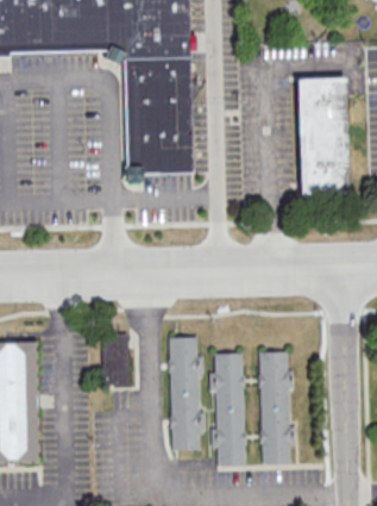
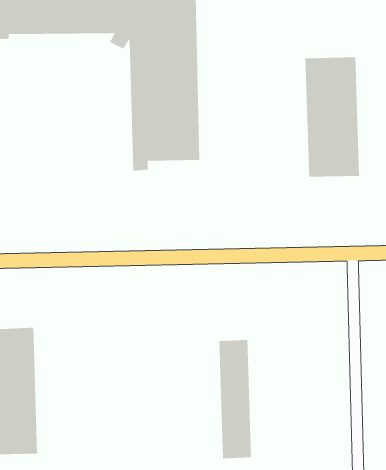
building: [102,333,128,385] -> none
building: [169,333,201,449] -> none
building: [258,348,291,463] -> none

